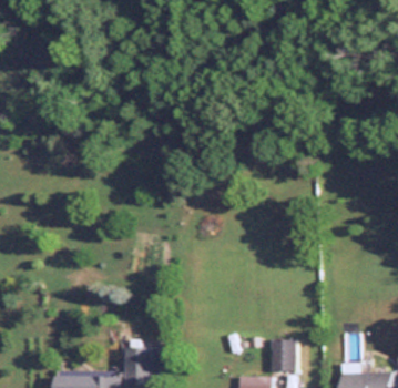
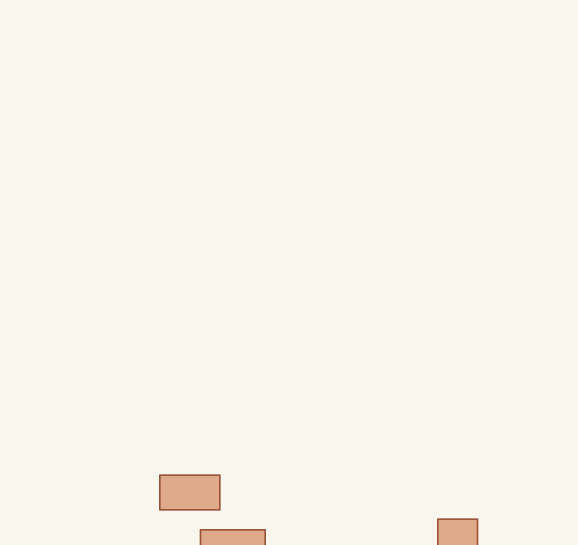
building: none -> [160,475,220,510]

